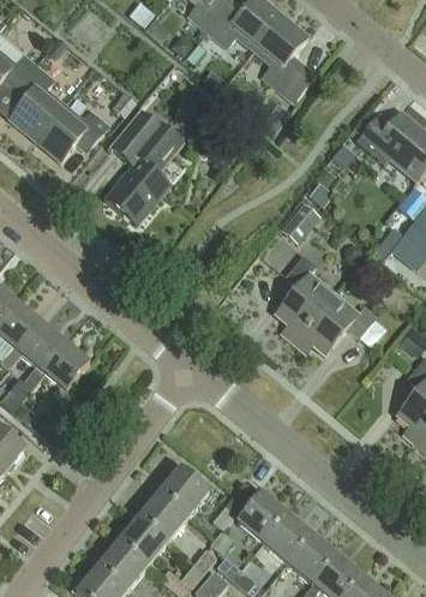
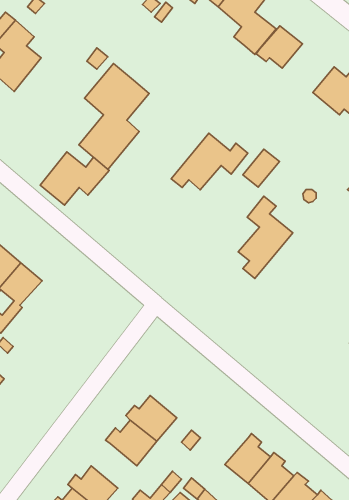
building: none -> [256,26,302,68]
building: [35,105,109,162] -> [40,152,109,205]
building: [294,293,377,354] -> [171,133,248,190]
building: [41,345,89,410] -> none
building: [238,489,287,543] -> none
building: [113,520,167,568] -> none

